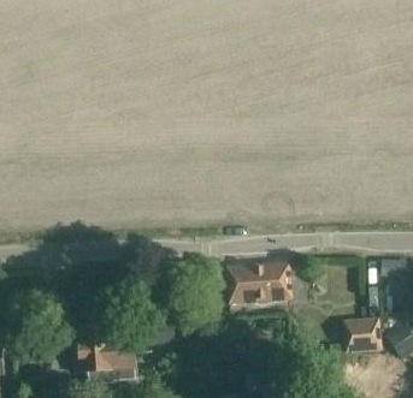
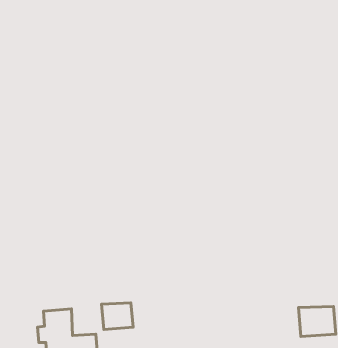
building: [228,263,291,303] -> none

